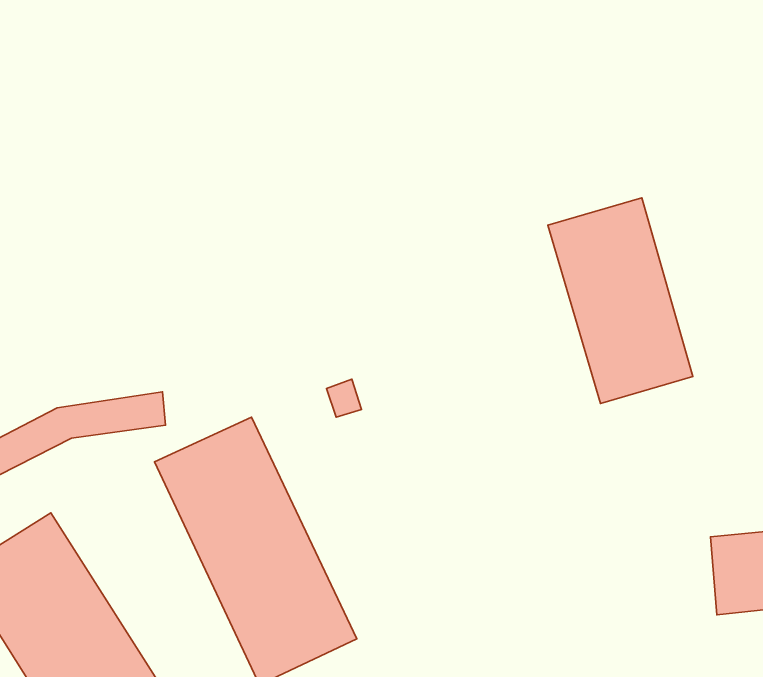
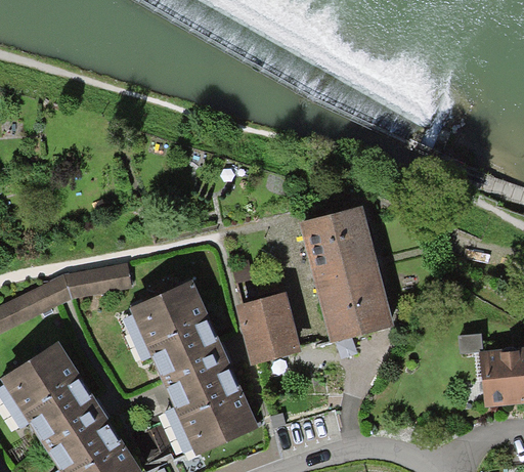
building: [548,198,693,403] -> [301,208,394,340]
building: none -> [242,291,298,353]

